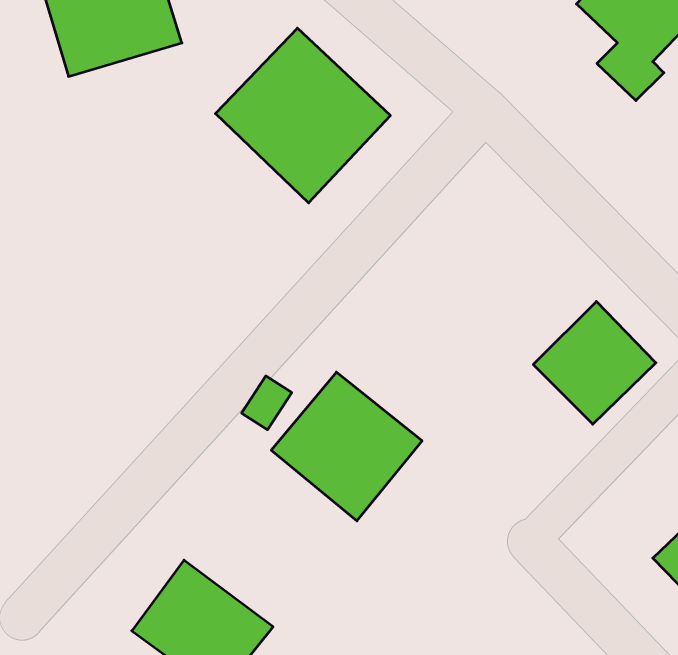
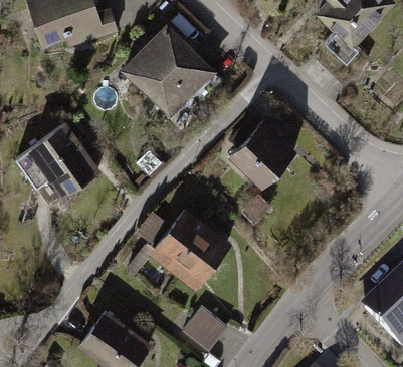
building: none -> [13,123,102,217]
building: [533,301,656,424] -> [223,118,289,185]
building: none -> [185,310,225,349]

